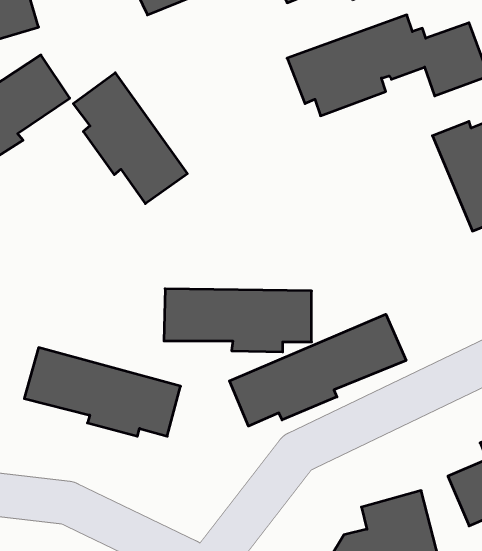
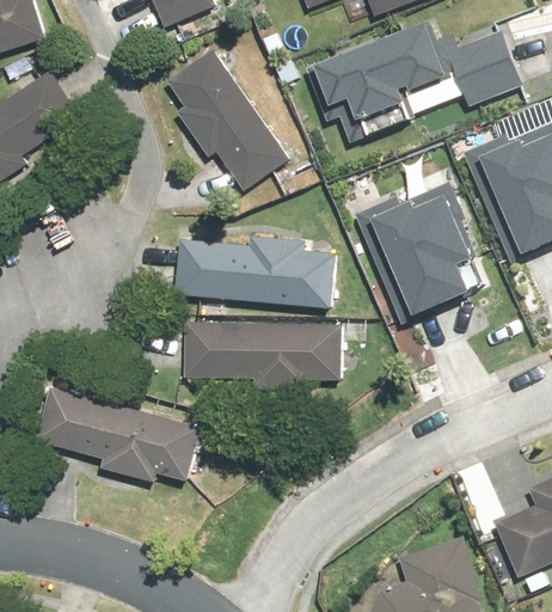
building: [73,73,187,204] -> [165,47,288,188]
building: none -> [363,190,486,323]
building: none -> [172,235,335,308]
building: [229,314,406,426] -> none

